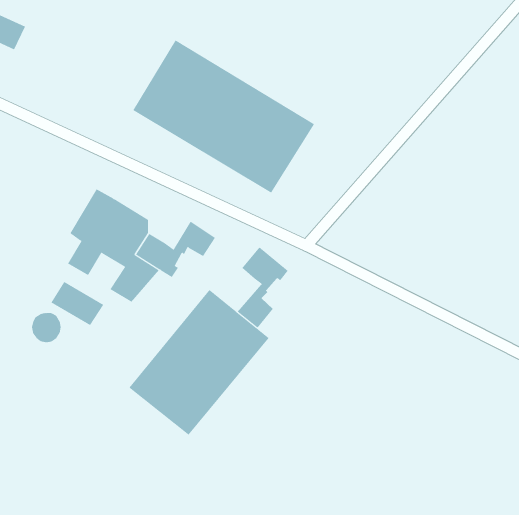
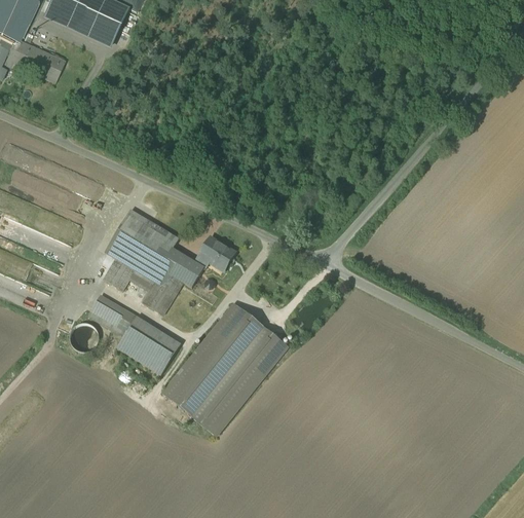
building: [132,40,315,194] -> none
building: [237,246,289,328] -> none
building: none -> [118,316,181,374]

